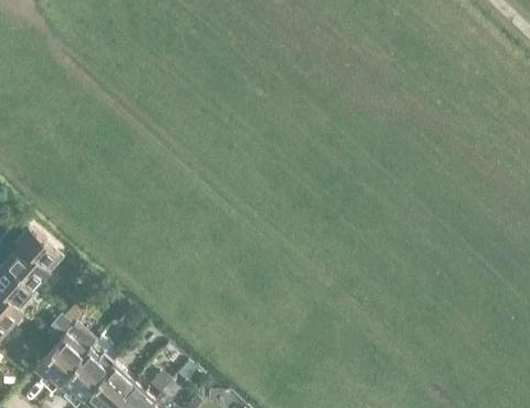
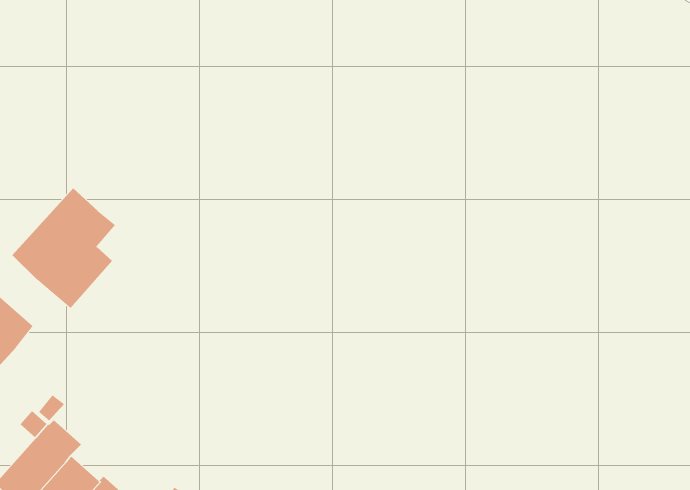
building: none -> [12,187,116,309]

